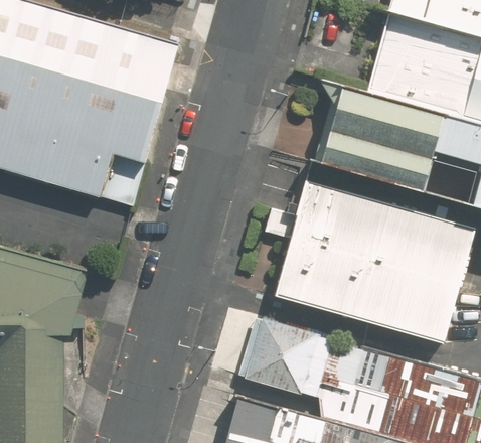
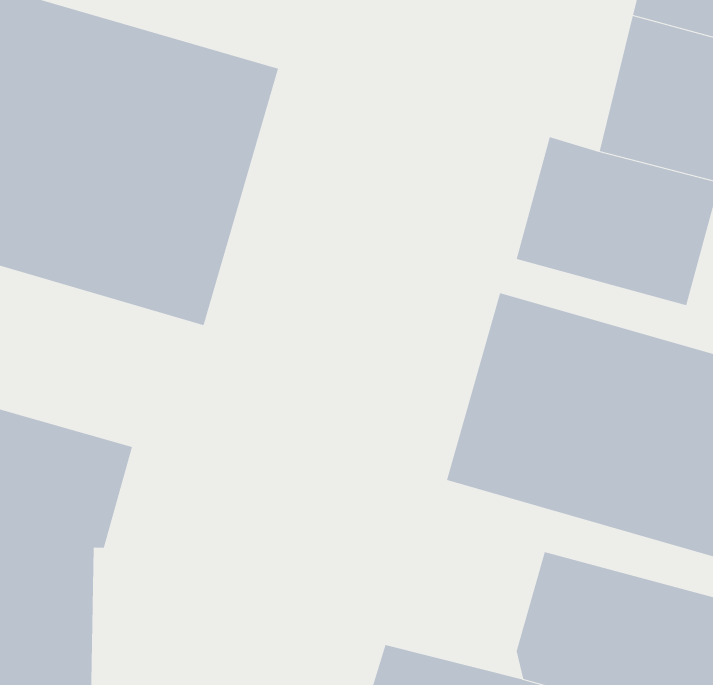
building: [247,318,334,399] -> none

